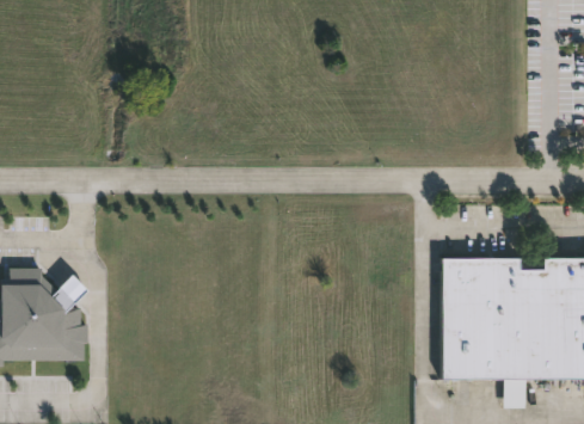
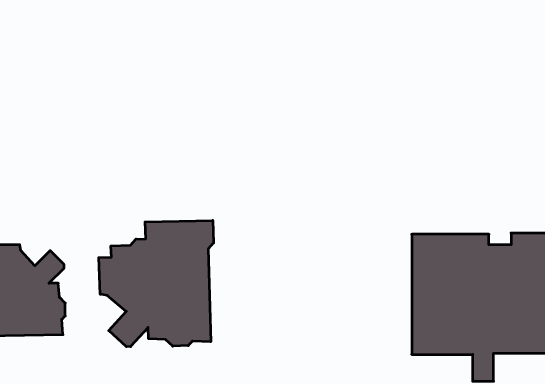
building: none -> [99,220,214,347]

